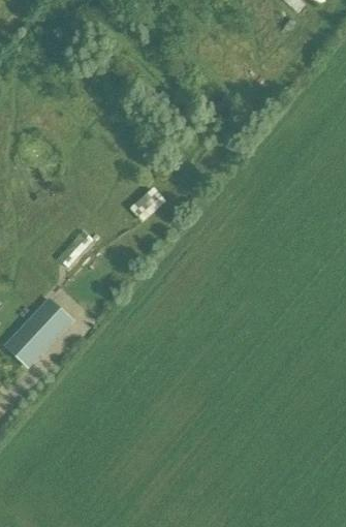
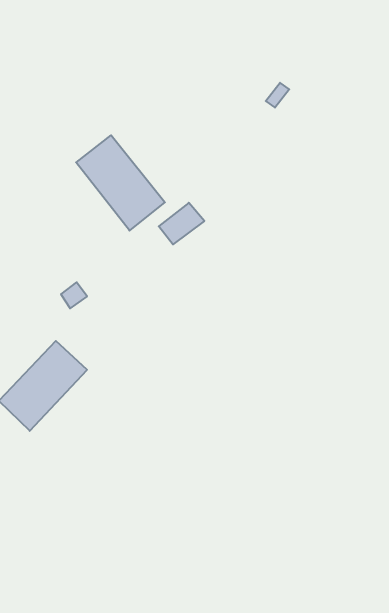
building: none -> [76,135,165,231]

